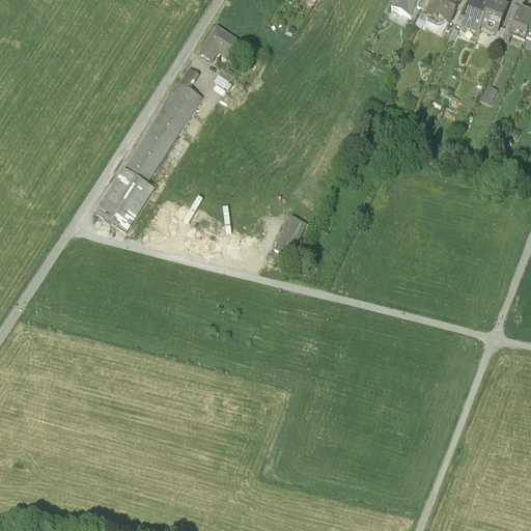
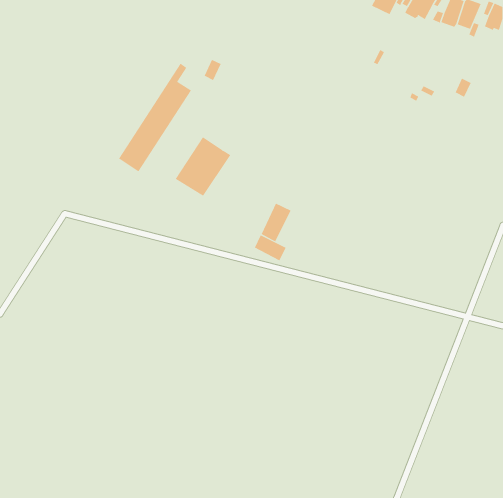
building: [199,26,244,59] -> none
building: [95,167,155,230] -> [175,136,231,196]
building: none -> [254,234,286,261]

